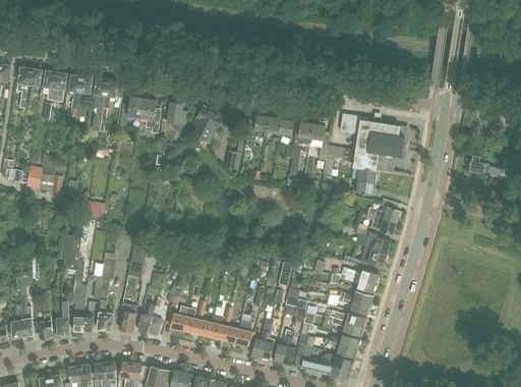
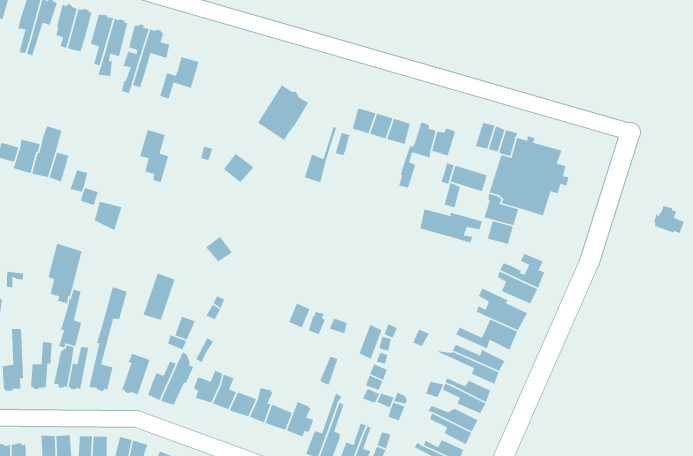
building: [140,98,161,133] -> [139,129,169,183]
building: [167,102,187,131] -> none
building: none -> [420,208,483,244]

